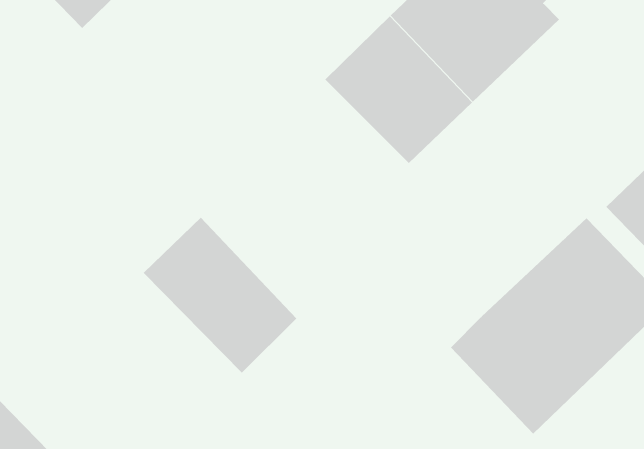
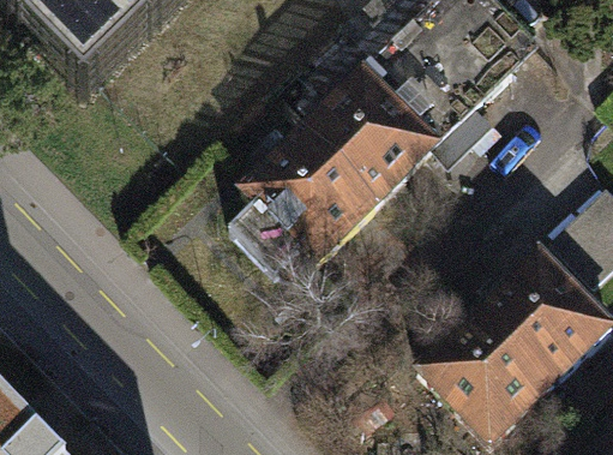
building: none -> [230,120,380,269]
building: [143,217,297,373] -> none

